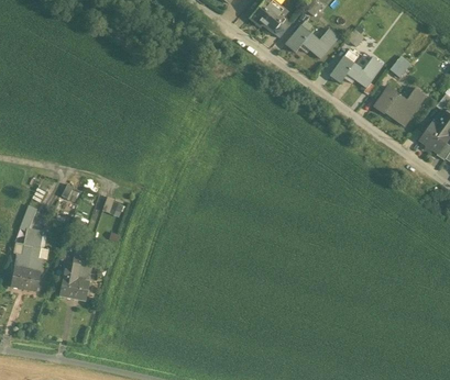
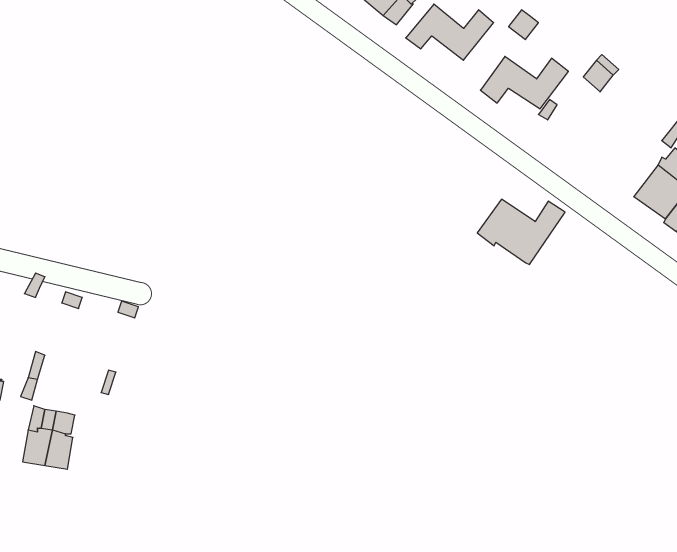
building: [373,87,425,125] -> [477,199,565,265]

